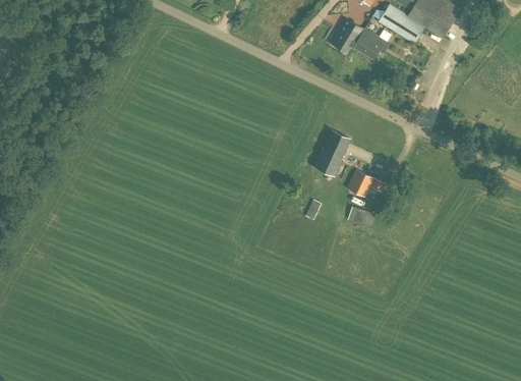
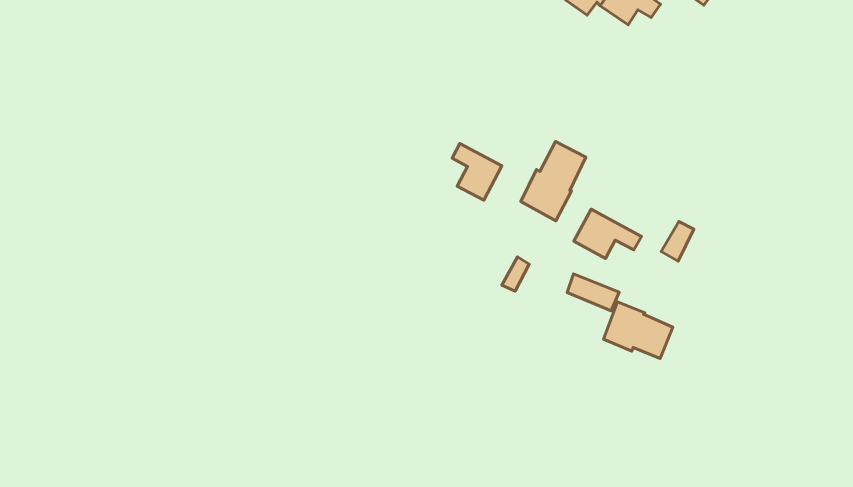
building: none -> [452,143,502,200]
building: none -> [604,302,673,358]

